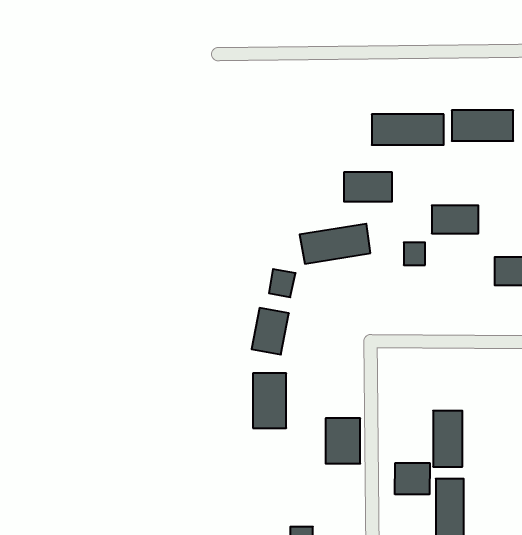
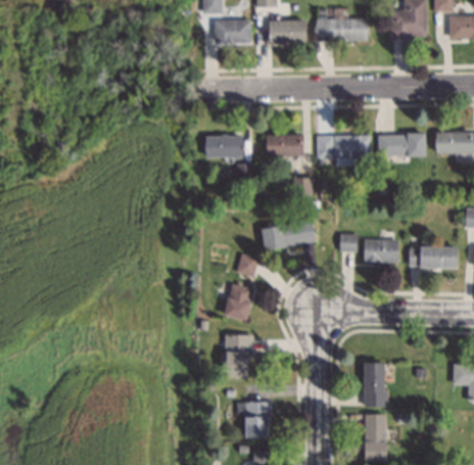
building: none -> [205,136,242,157]
building: [344,172,392,202] -> [266,135,302,157]
building: [432,205,478,233] -> [363,240,398,262]
building: [326,418,360,464] -> [244,403,271,437]
building: [395,463,430,494] -> none

